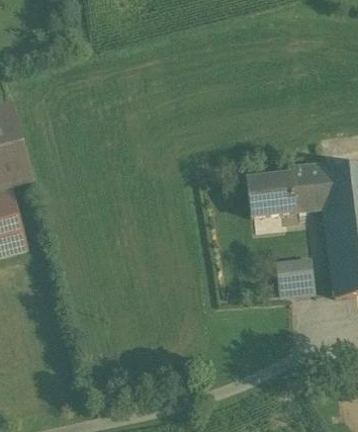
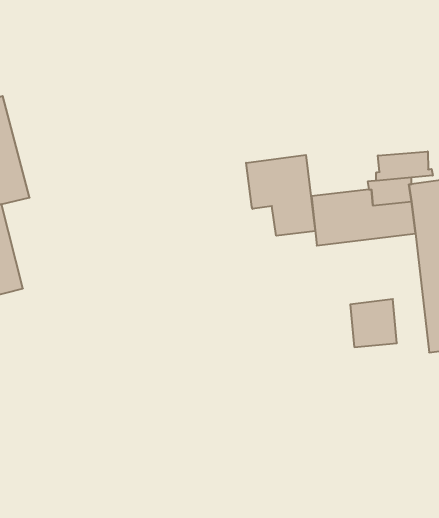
building: none -> [376,151,433,181]
building: none -> [246,155,315,236]

